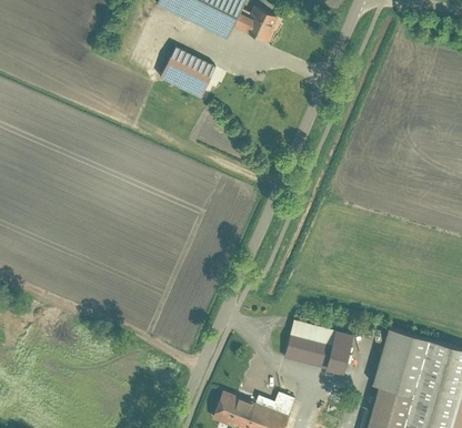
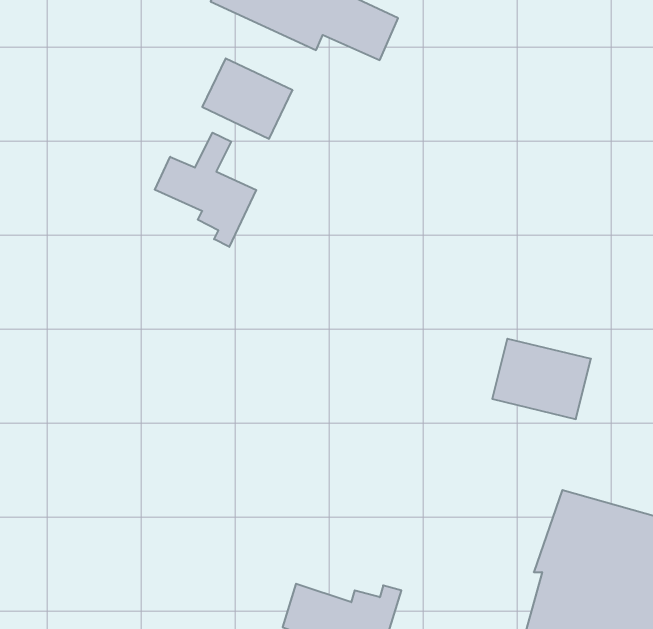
building: none -> [155,133,256,247]
building: [288,319,353,373] -> [492,339,591,419]

